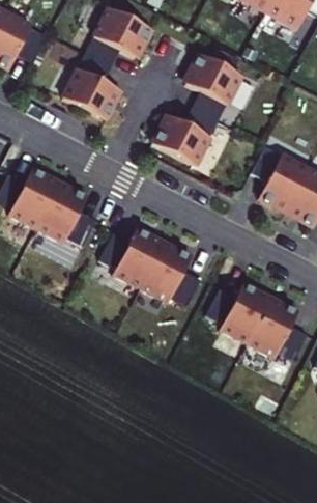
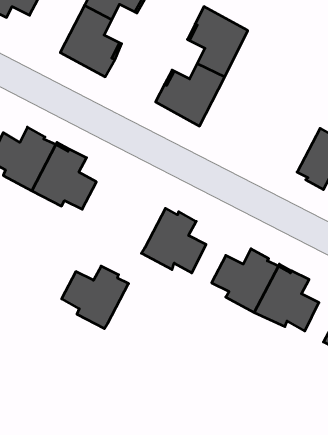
building: [248,151,309,209] -> none
building: [99,227,163,286] -> [62,266,129,329]

